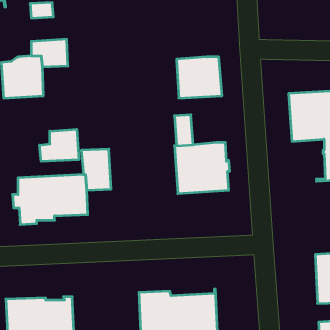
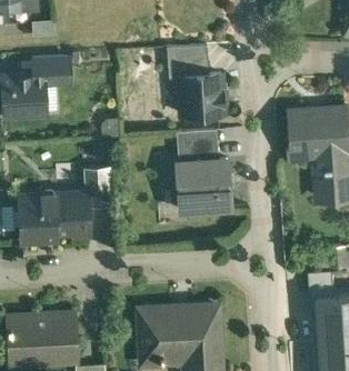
building: none -> [167,47,208,80]
building: none -> [192,131,218,163]
building: [40,129,79,161] -> none

